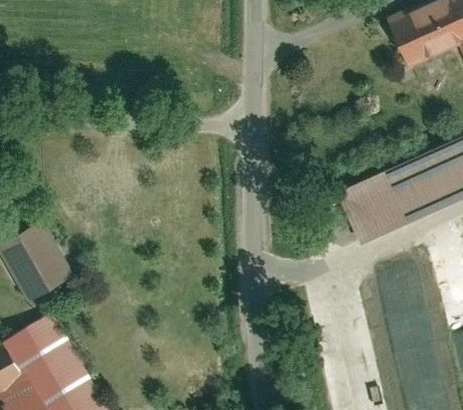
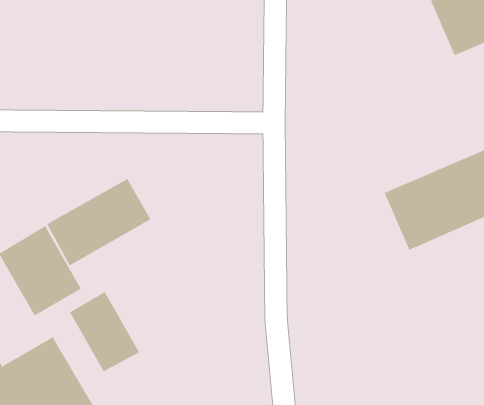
building: none -> [47,178,151,266]
building: none -> [69,291,140,372]

